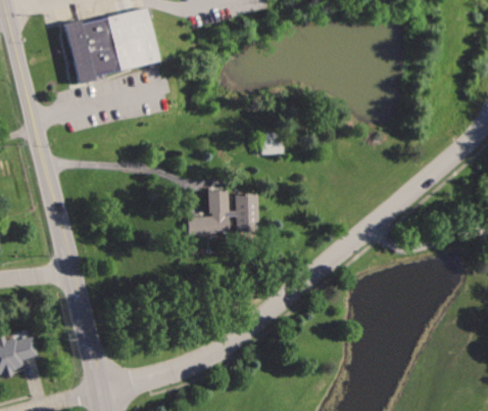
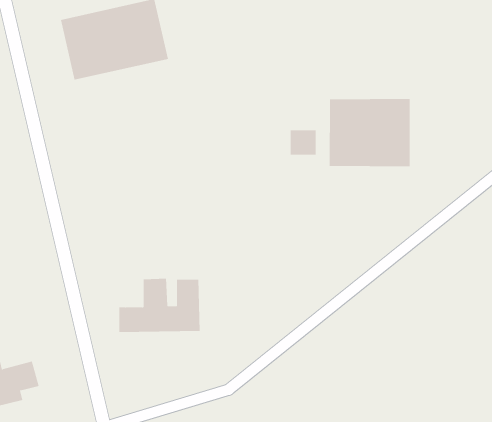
building: none -> [329,98,410,167]
building: [191,185,263,233] -> [118,278,200,332]

